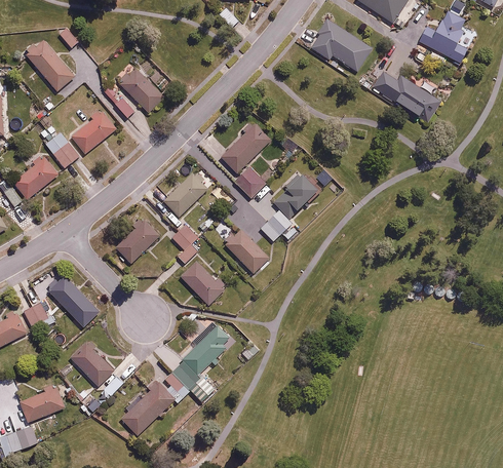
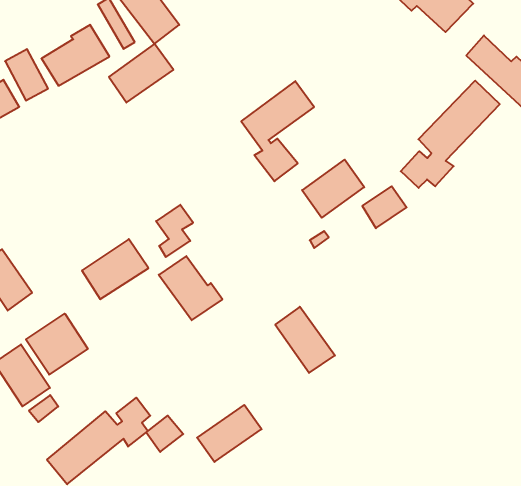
building: none -> [401,81,500,188]
building: [163,171,208,217] -> [109,44,173,103]
building: [261,209,293,241] -> [362,186,407,228]
building: [113,218,160,264] -> [82,239,148,299]
building: [224,227,270,273] -> [275,307,335,373]
building: none -> [26,314,88,375]
building: [181,330,226,375] -> [197,405,262,462]

